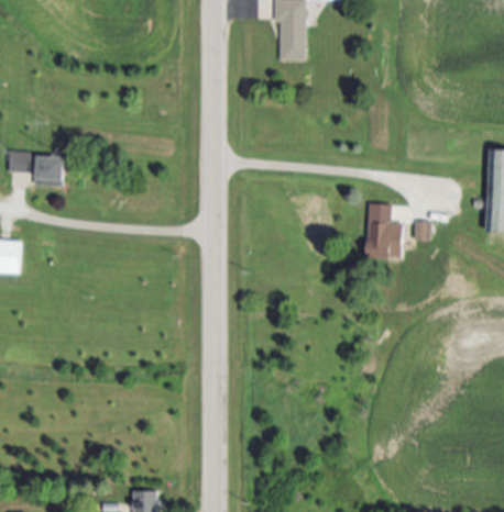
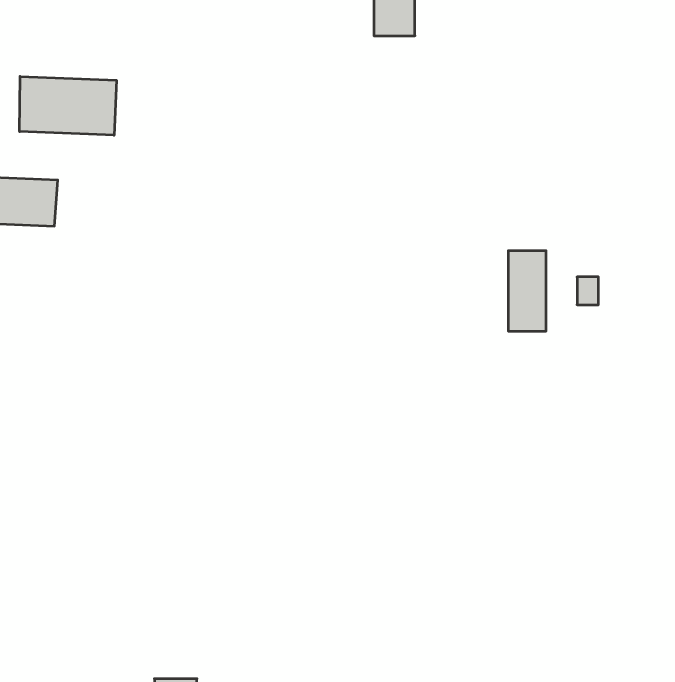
building: none -> [20,76,116,135]

